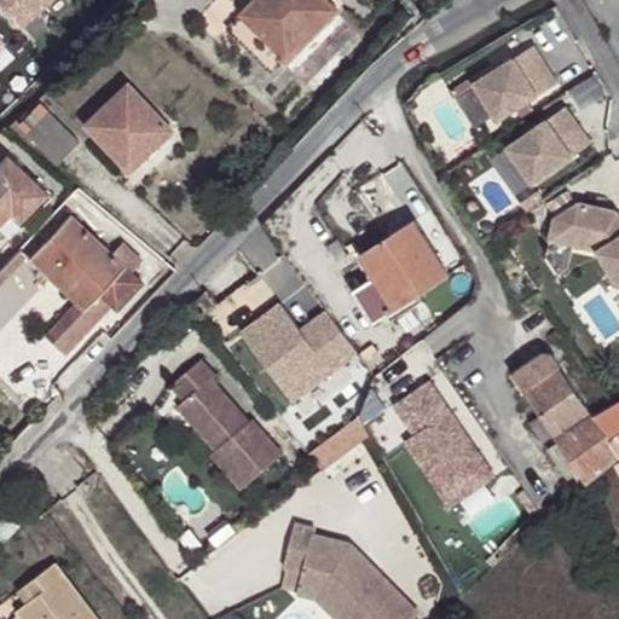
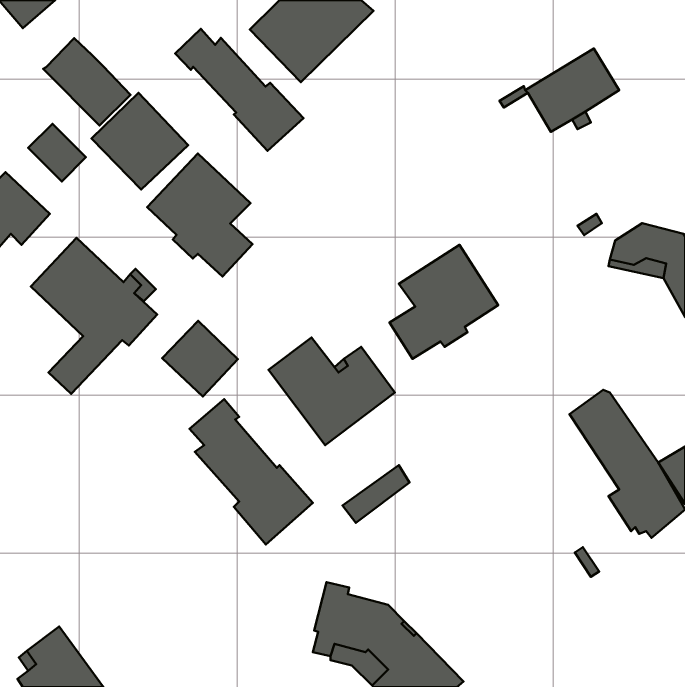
building: none -> [175,29,304,151]
building: none -> [43,38,131,125]
building: [505,106,590,184] -> none
building: none -> [147,153,252,276]
building: none -> [162,321,238,397]
building: [394,384,492,509] -> none

